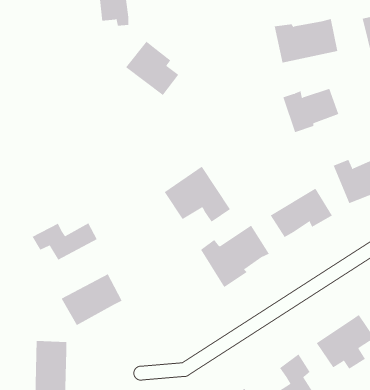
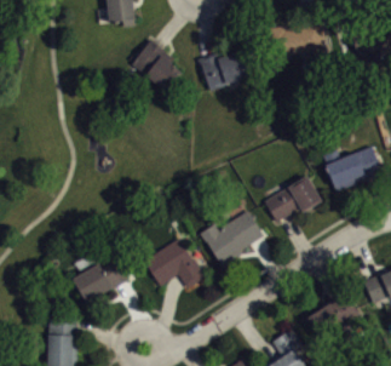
building: [283,88,339,133] -> [197,51,249,92]
building: [164,166,231,222] -> [143,236,205,288]
building: [32,223,98,260] -> none

